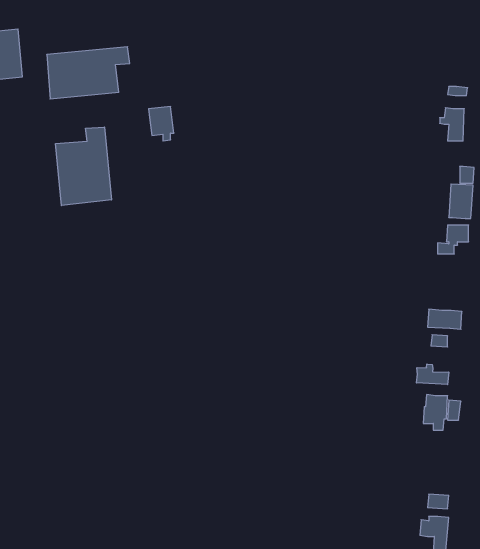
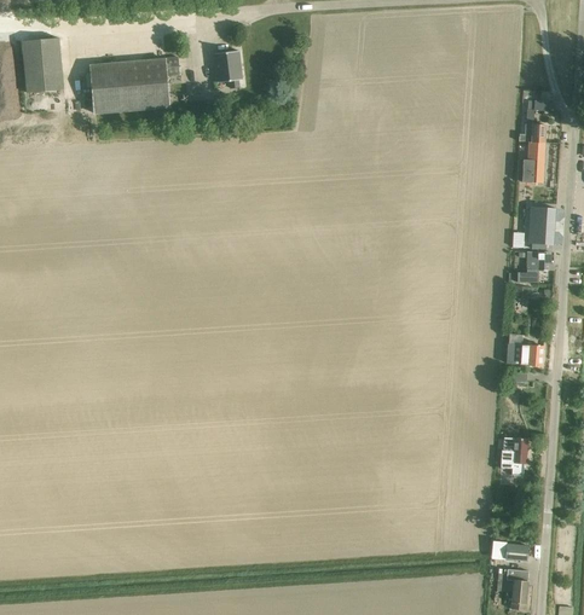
building: [149,107,174,141] -> [214,51,242,88]
building: [56,127,111,206] -> none
building: none -> [517,158,544,182]
building: [417,364,449,385] -> none

